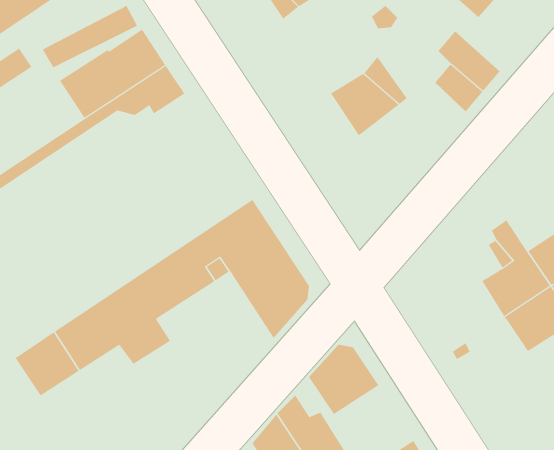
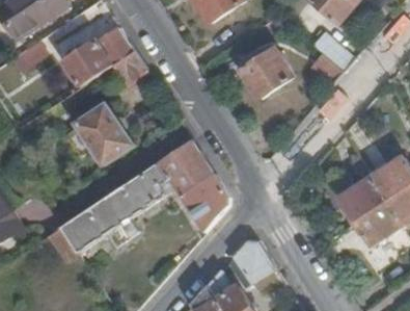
building: none -> [75,106,133,167]

